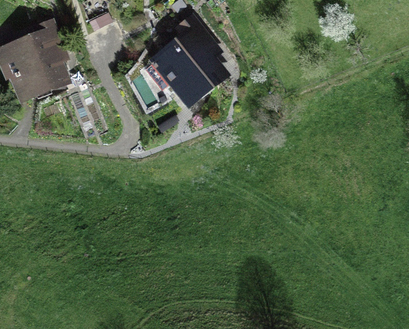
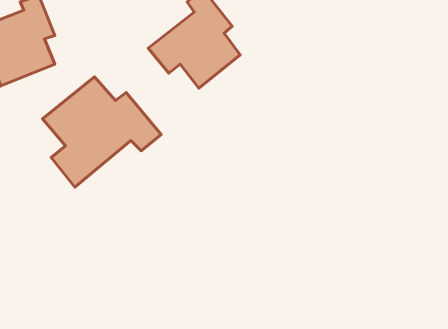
building: none -> [42,77,161,187]

